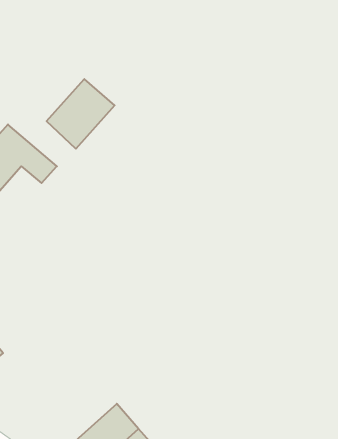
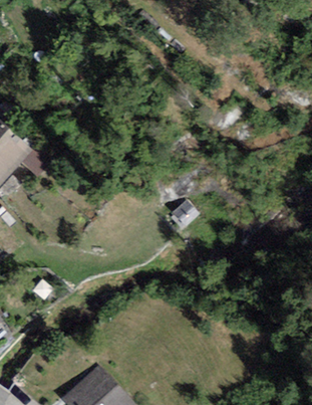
building: [47,79,115,149] -> none

